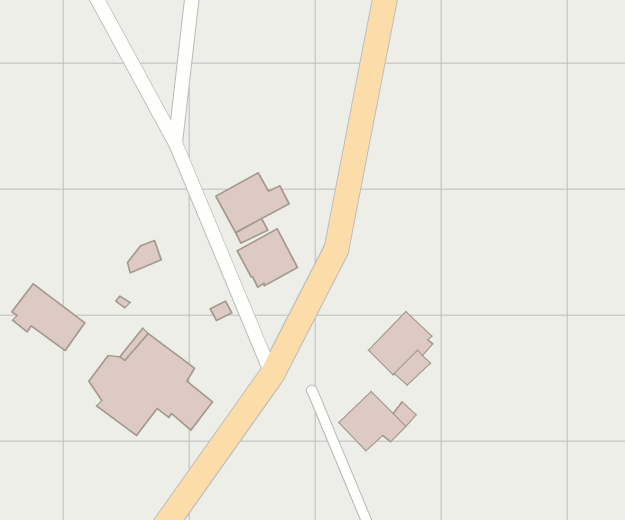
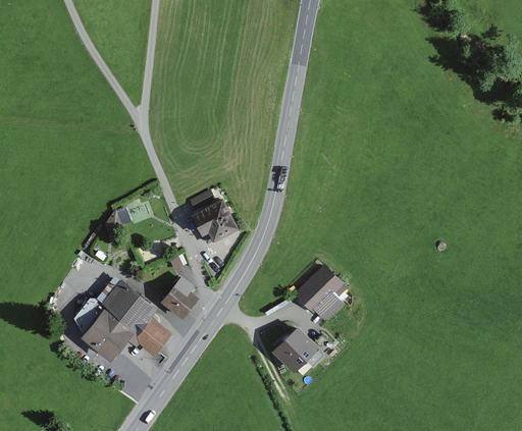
building: [216,173,289,232] -> none
building: [12,284,85,351] -> none
building: none -> [159,275,197,318]

